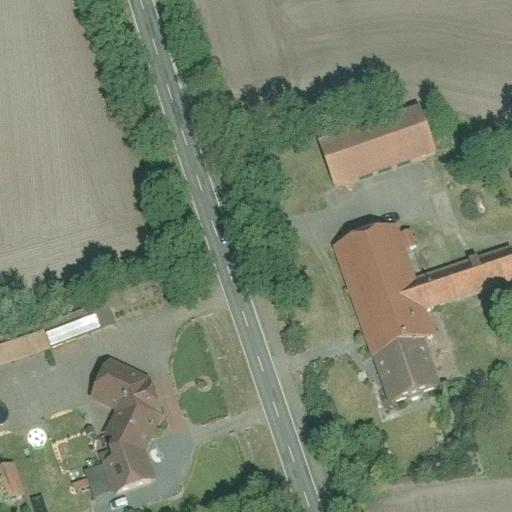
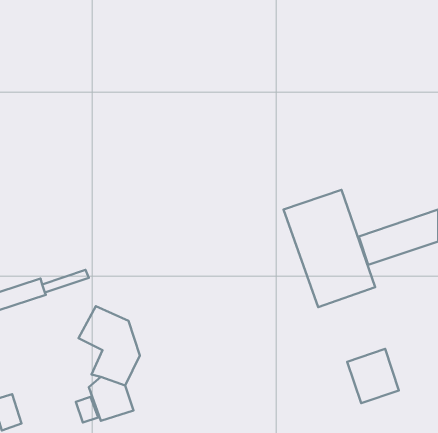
building: [316,102,438,185] -> none
building: [374,340,434,403] -> [347,349,399,403]

